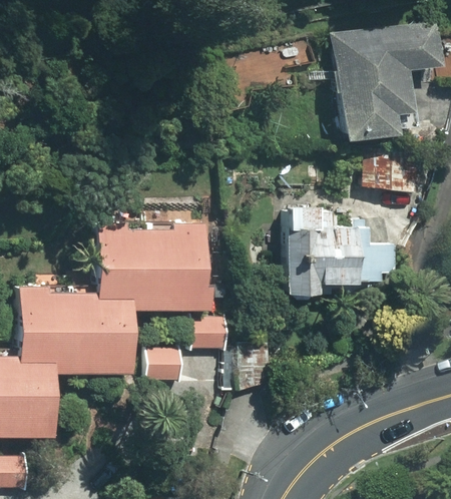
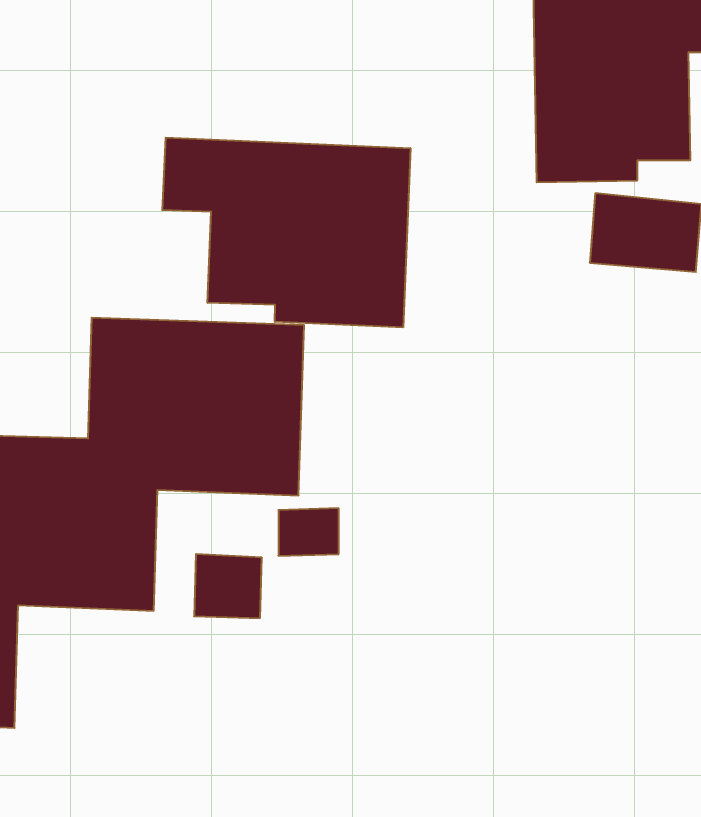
building: none -> [162,138,410,327]
building: [281,204,420,300] -> none

